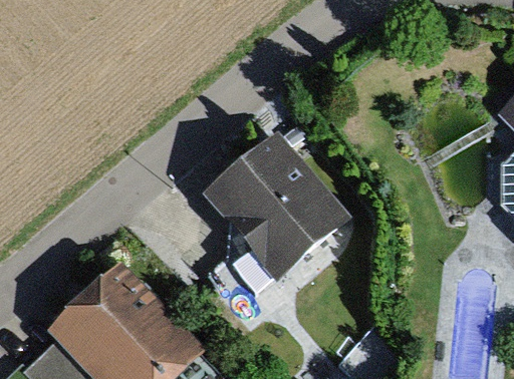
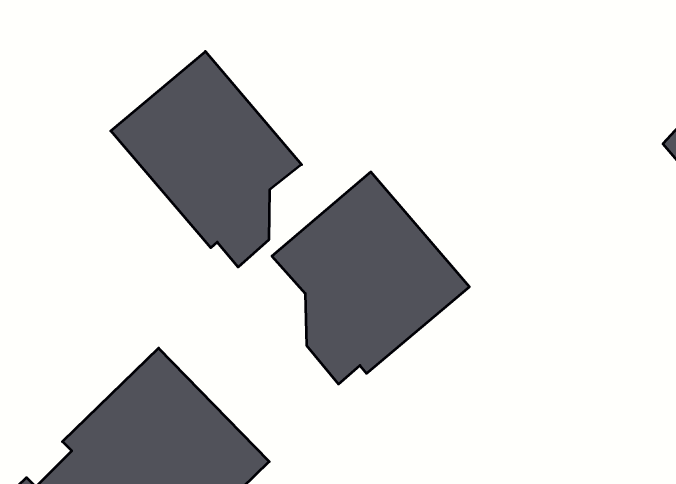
building: none -> [111,51,302,267]

